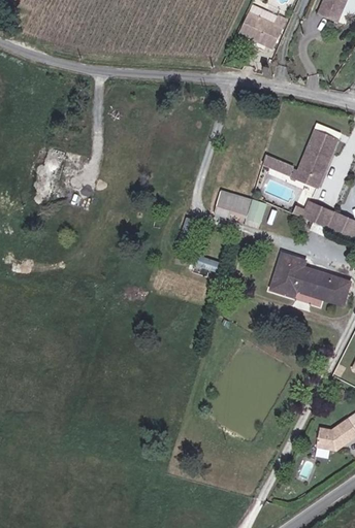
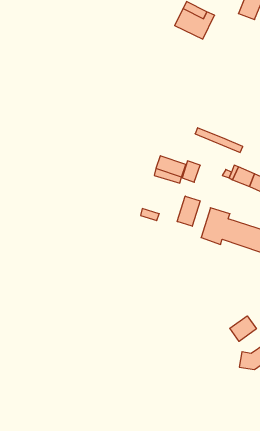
building: [299,130,336,178] -> none
building: none -> [177,196,200,226]
building: none -> [230,316,256,341]

